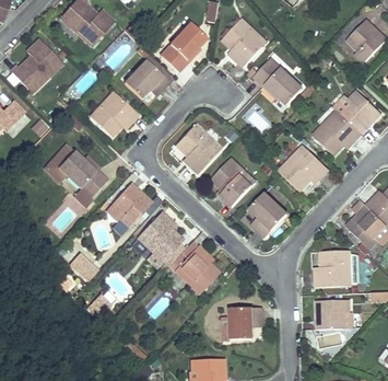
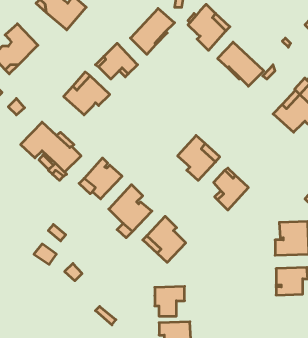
building: [175,123,222,173] -> none
building: [279,145,329,190] -> none
building: [230,307,261,338] -> [155,286,185,316]

